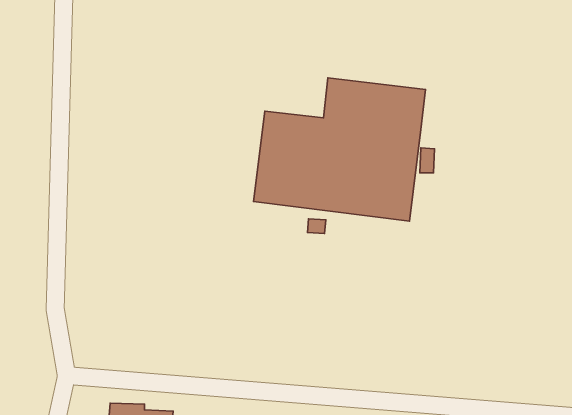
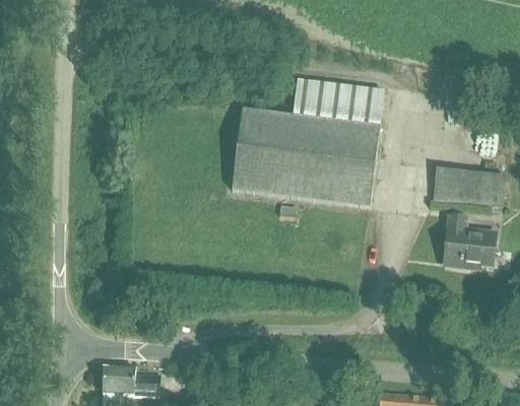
building: none -> [434,167,505,205]
building: none -> [445,214,497,268]

